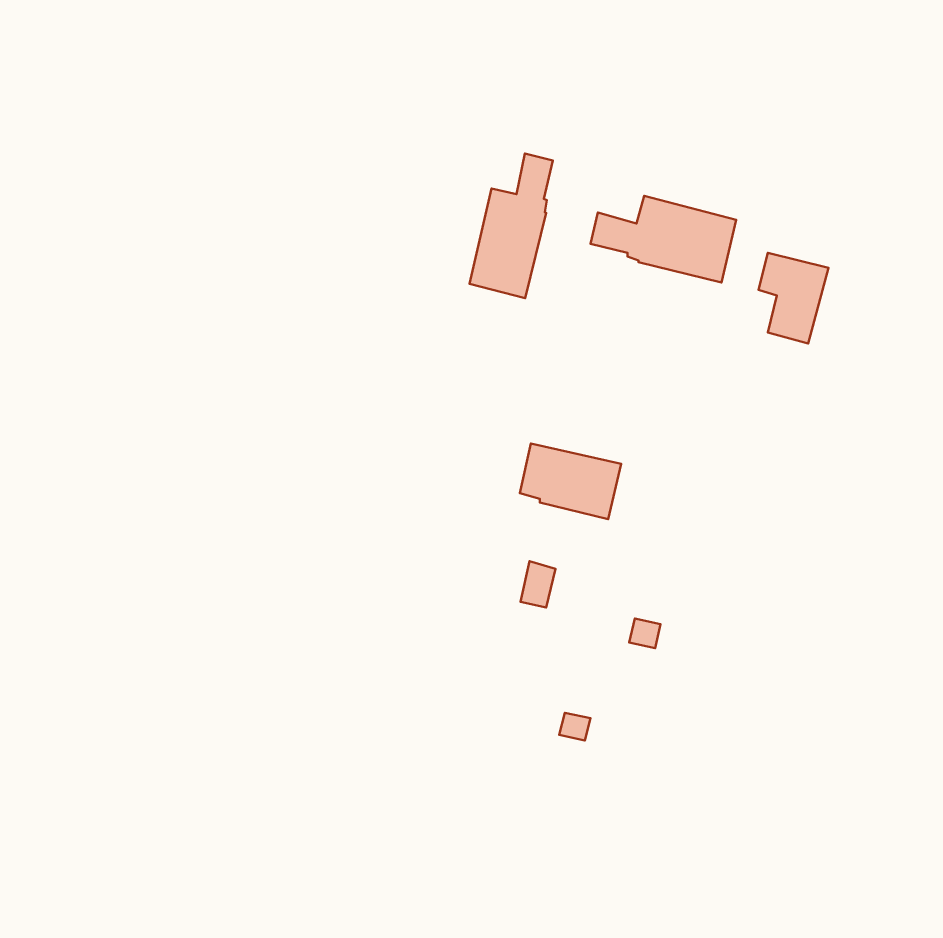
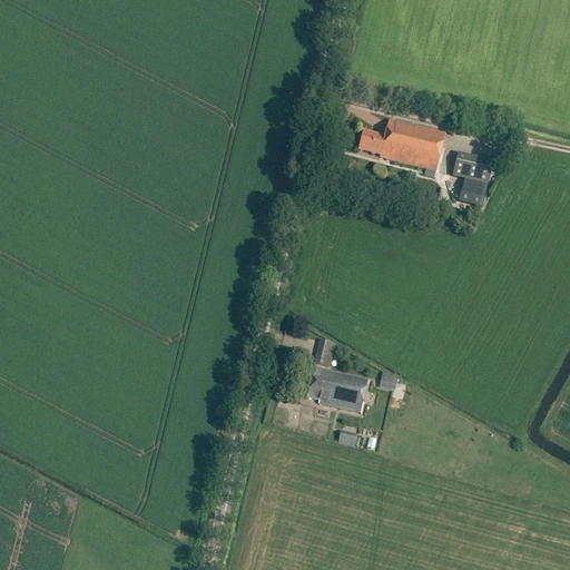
building: [469,154,553,298] -> none
building: [520,443,621,519] -> [306,366,367,412]

